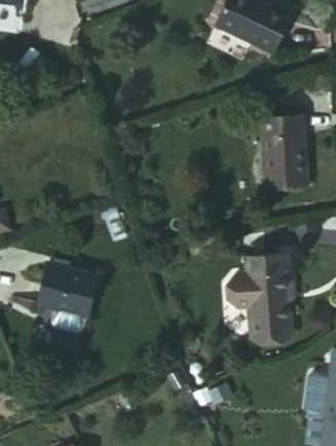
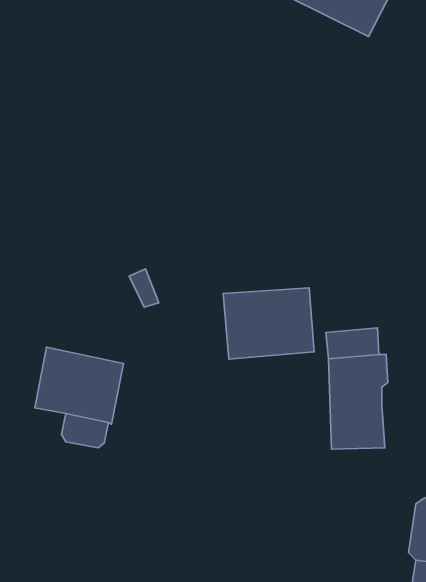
building: [258,113,306,192] -> none
building: none -> [223,288,314,359]

